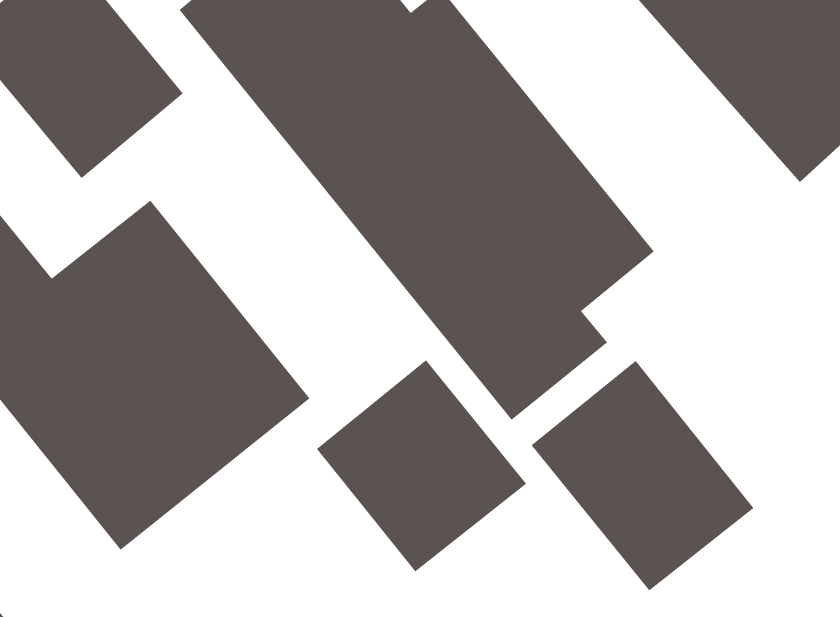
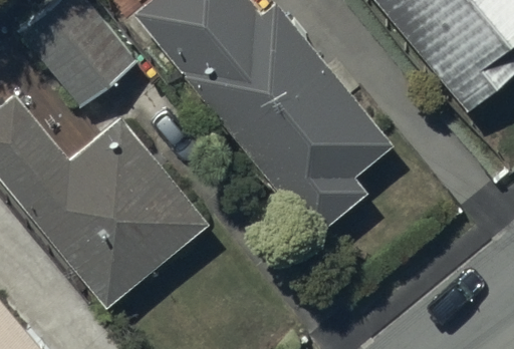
building: [316,359,527,573] -> none
building: [530,360,754,592] -> none

